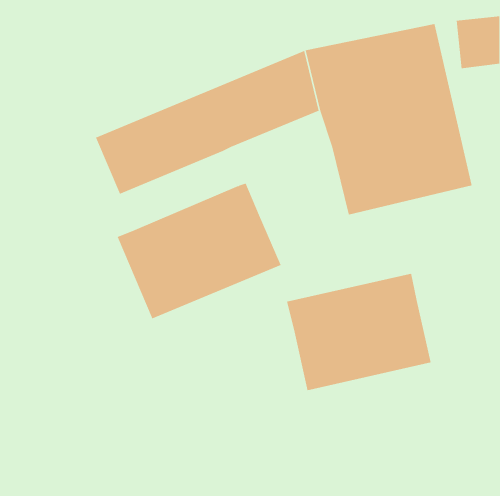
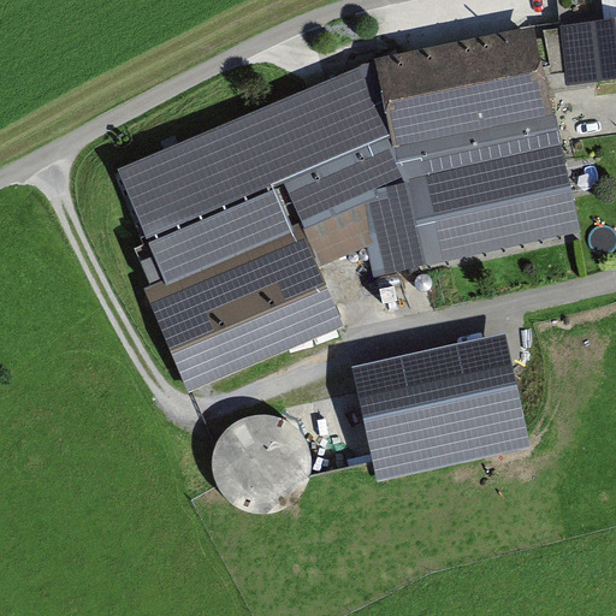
building: none -> [284,136,427,274]
building: none -> [147,185,292,282]
building: none -> [212,409,310,509]

